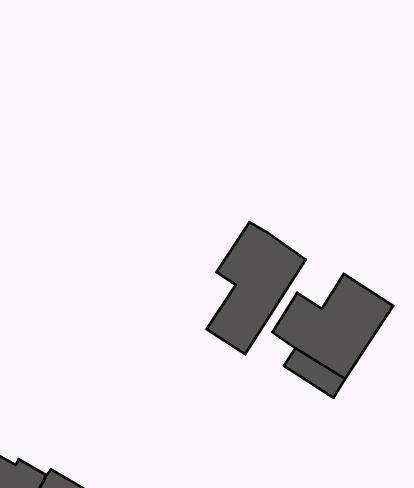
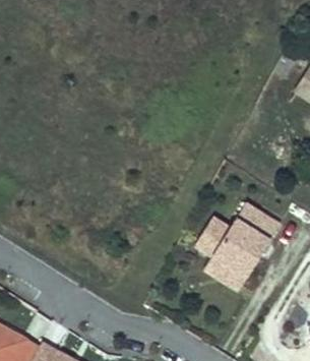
building: [207,222,306,354] -> none

